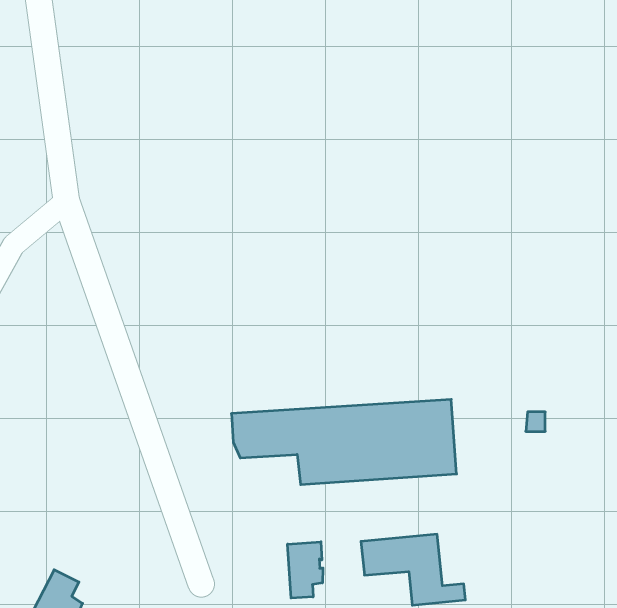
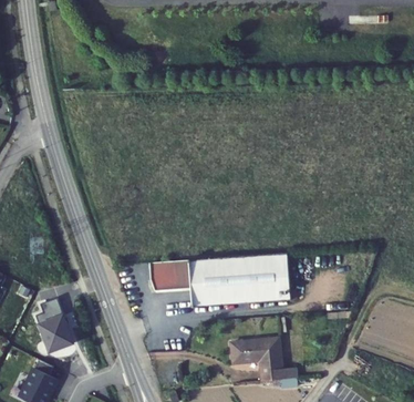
building: none -> [35,297,74,352]
building: [288,542,323,598] -> none

